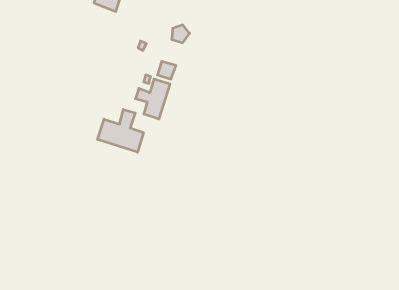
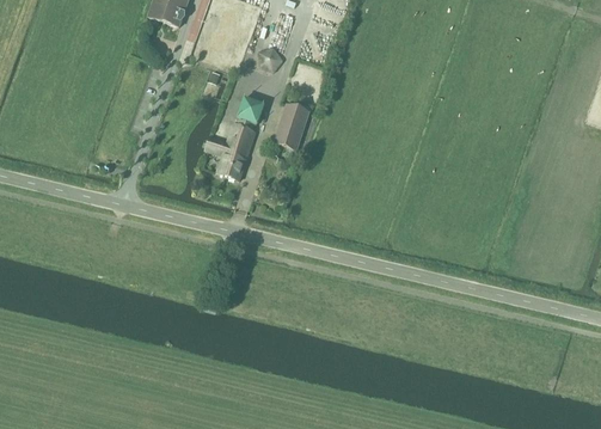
building: none -> [275,98,309,148]
building: [98,109,143,152] -> none

